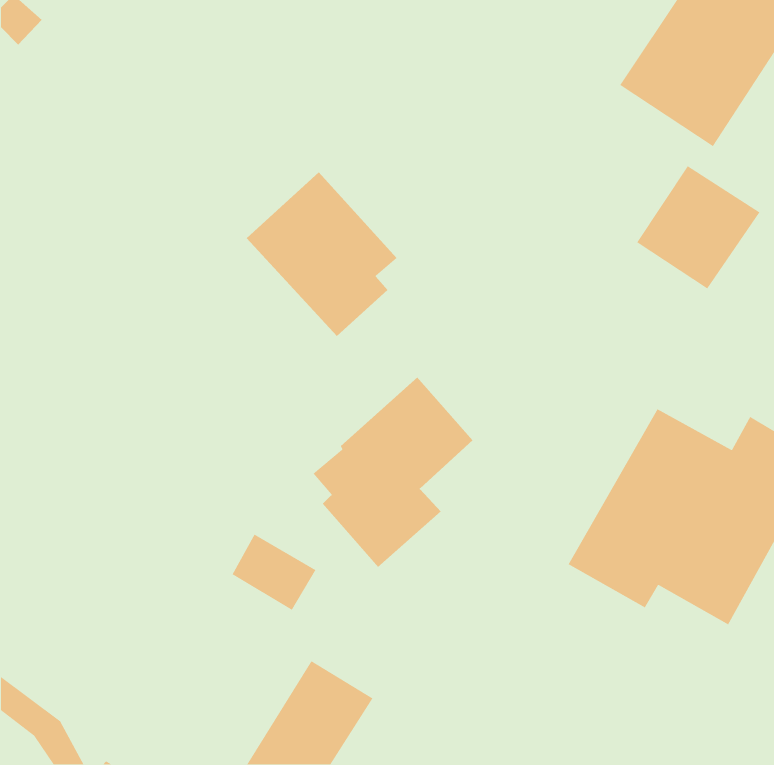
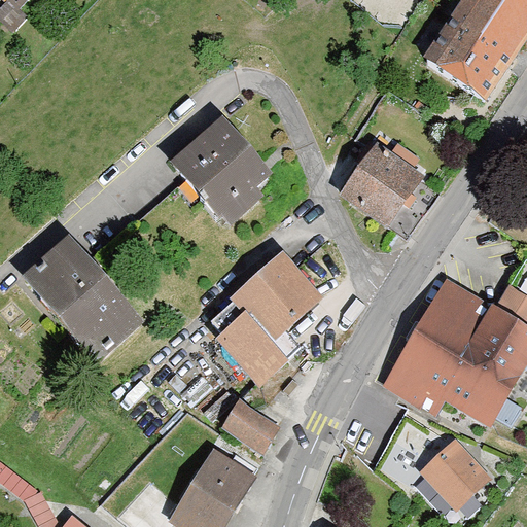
building: [636,165,760,289] -> [339,143,423,227]
building: none -> [19,237,140,364]
building: [232,534,316,611] -> [221,399,279,452]
building: none -> [421,437,493,510]

